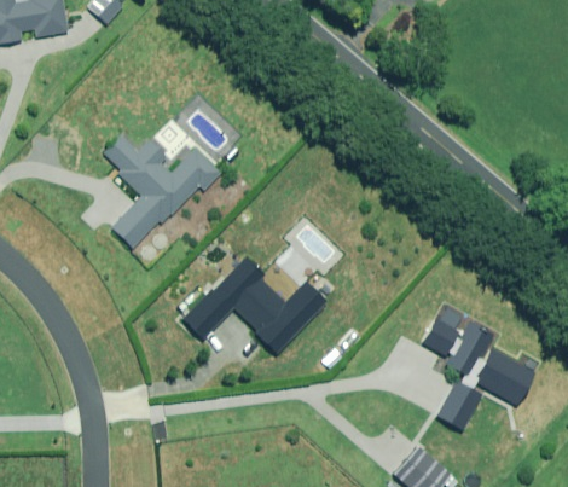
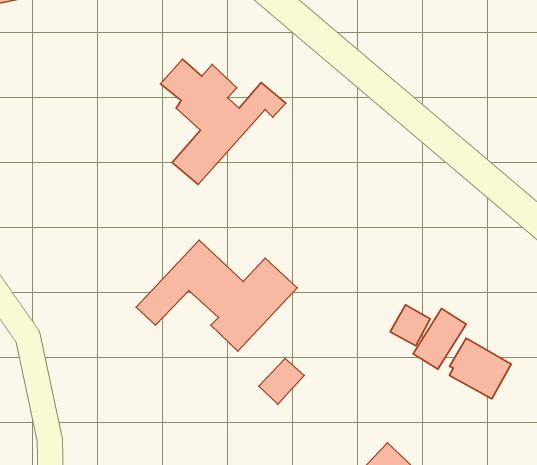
building: [99,129,216,247] -> [161,59,286,184]
building: none -> [259,359,304,404]
building: [436,379,482,430] -> none

